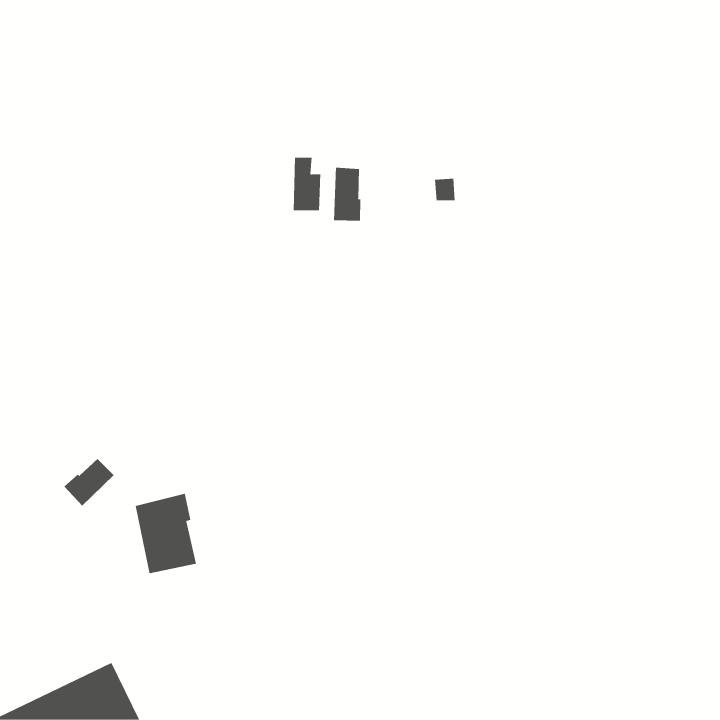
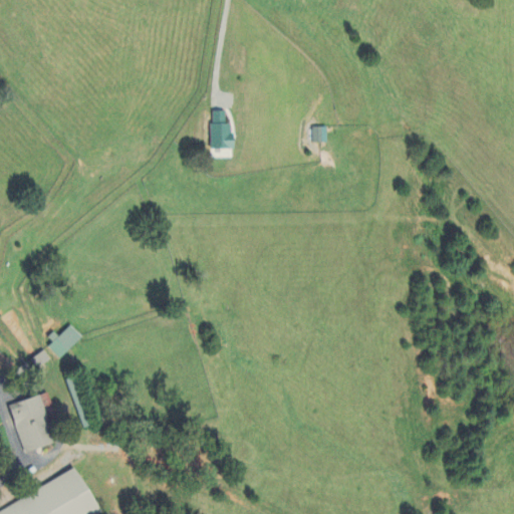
building: [333,167,361,221] -> none
building: [135,493,197,574] -> [11,395,55,452]

